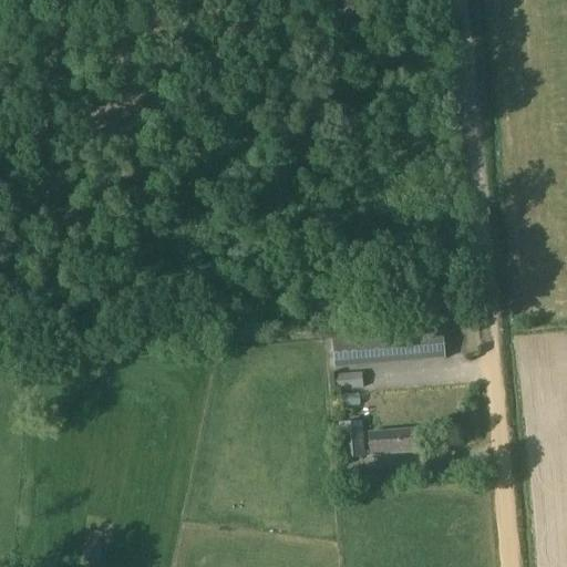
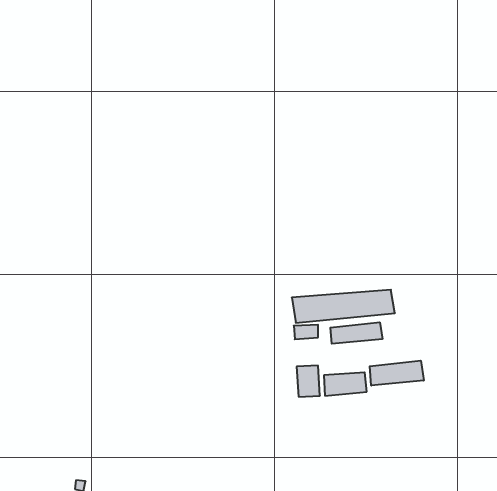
building: none -> [330,322,382,344]
building: none -> [370,361,424,386]

